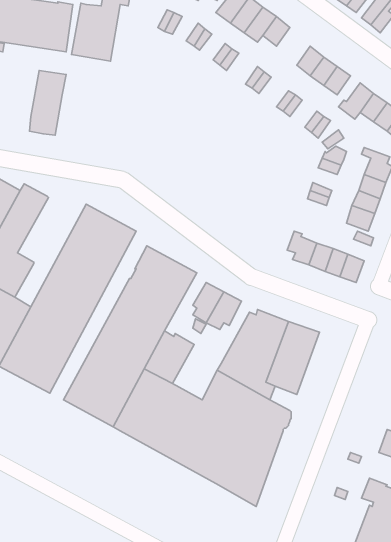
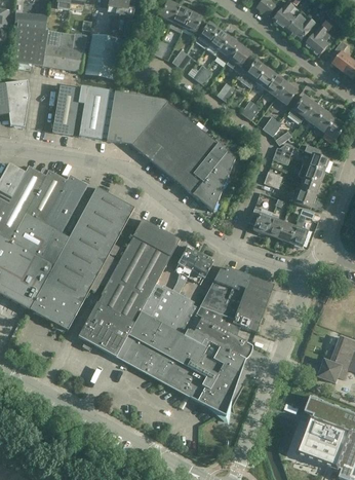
building: none -> [236,59,266,87]
building: none -> [77,87,109,139]
building: none -> [106,90,235,210]
building: none -> [43,175,87,233]
building: none -> [161,293,198,335]

